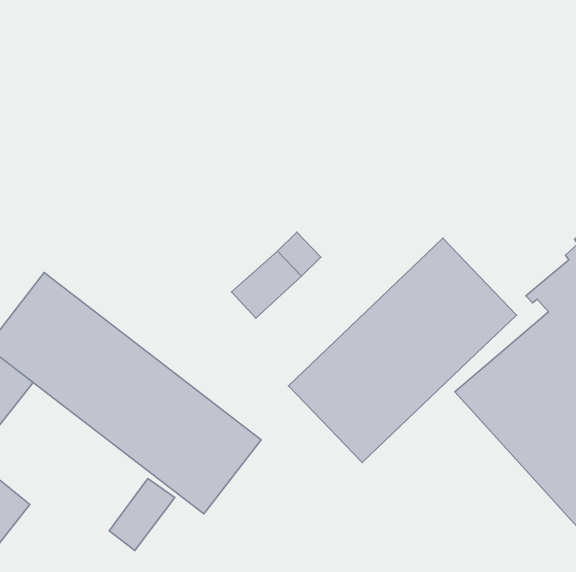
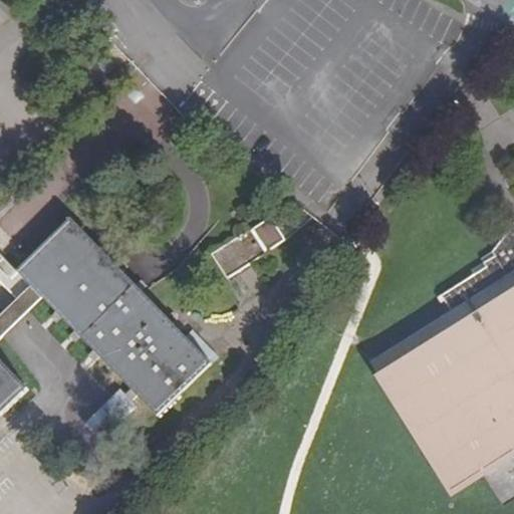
building: [288,238,517,463] -> none

